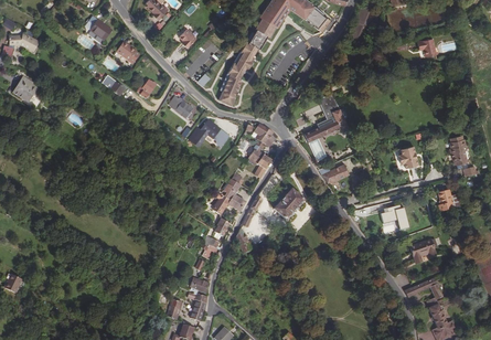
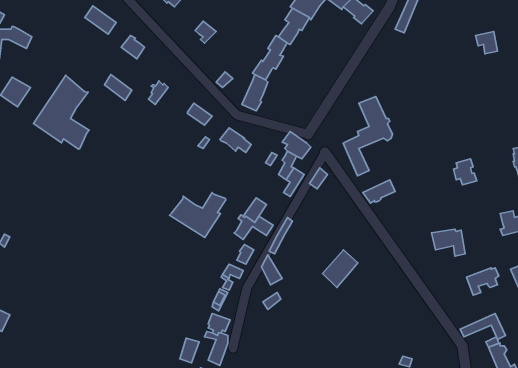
building: none -> [34,75,89,149]
building: none -> [170,192,226,238]
building: [274,188,303,220] -> [323,250,358,288]

